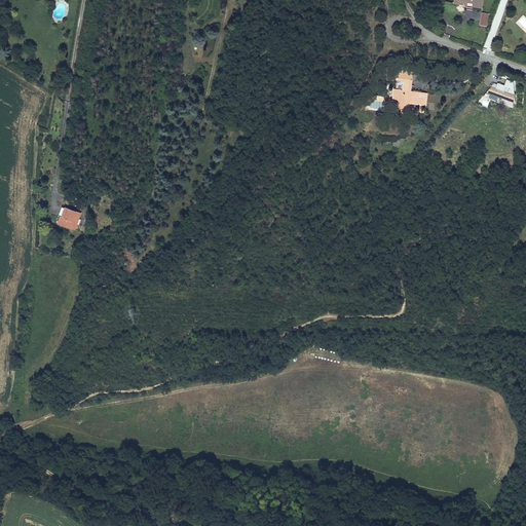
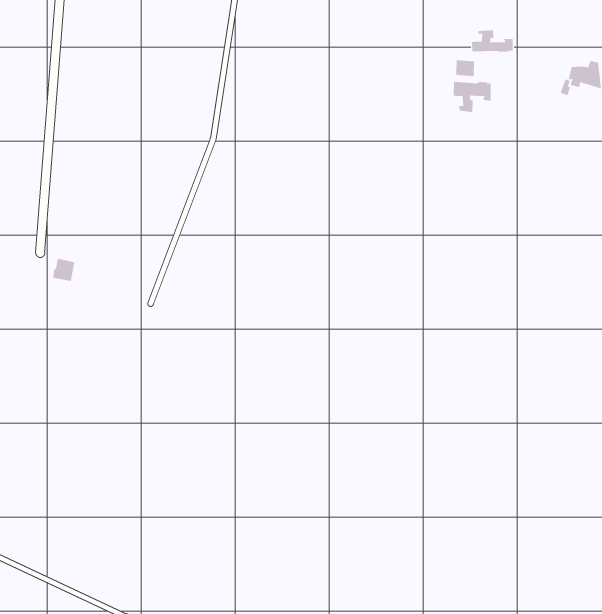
building: none -> [472,29,513,53]

